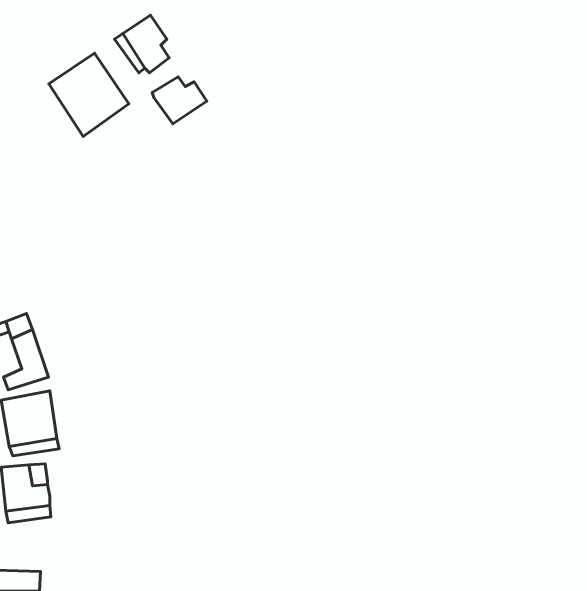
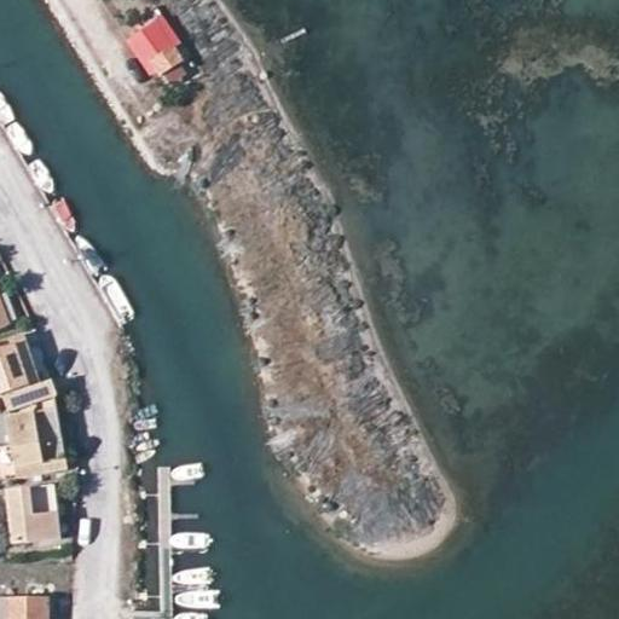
building: [49,53,129,136] -> none
building: [152,77,207,124] -> none

